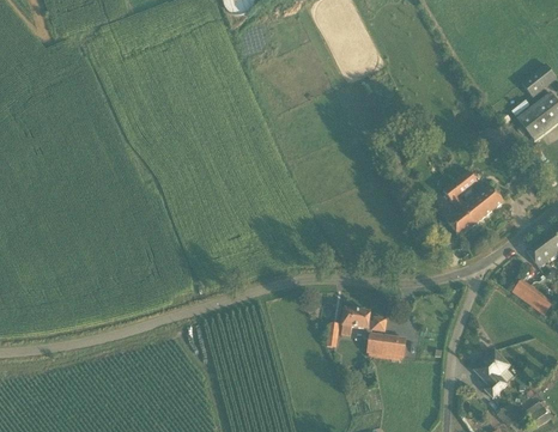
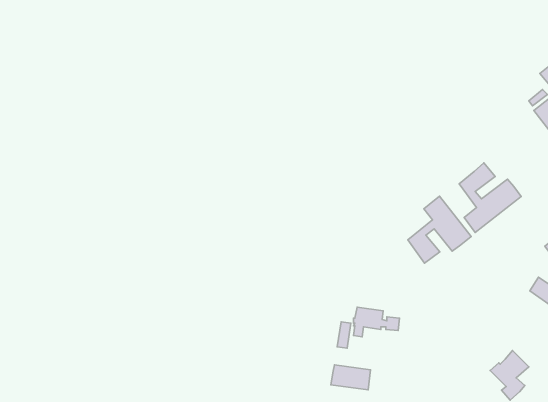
building: none -> [408,196,471,263]
building: [366,333,405,357] -> [331,365,371,390]

